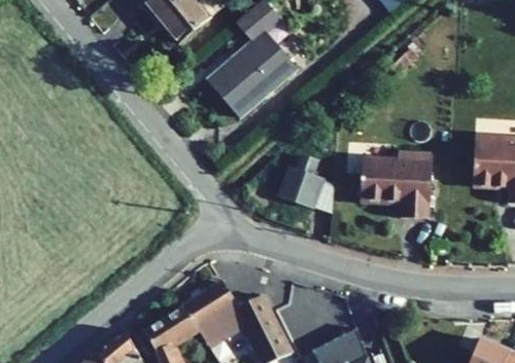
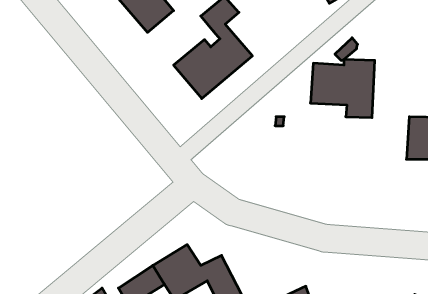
building: [359,152,433,218] -> [310,60,375,118]
building: [279,155,333,212] -> none

